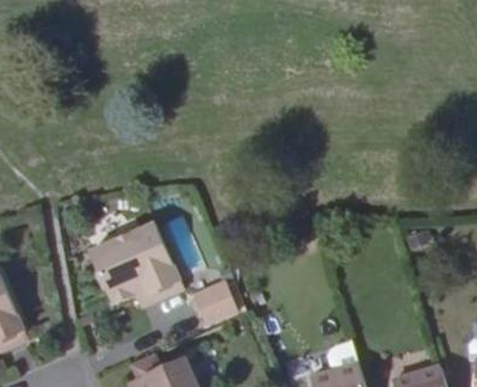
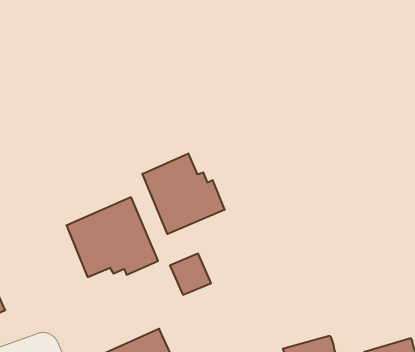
building: none -> [142,153,225,234]

